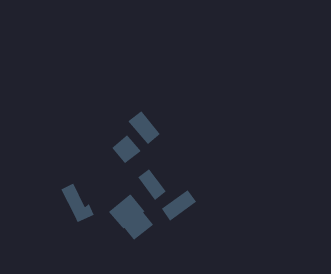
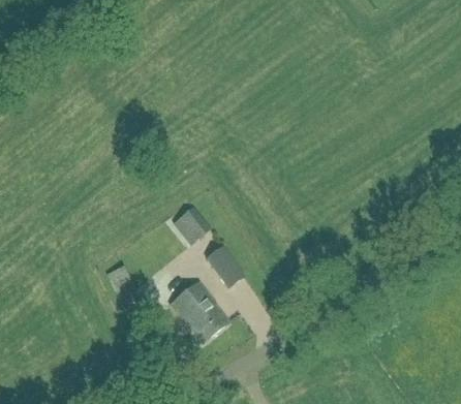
building: [127,110,161,145] -> none
building: [161,189,197,222] -> none

